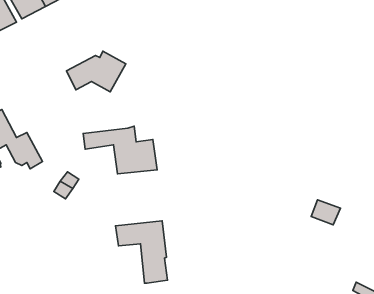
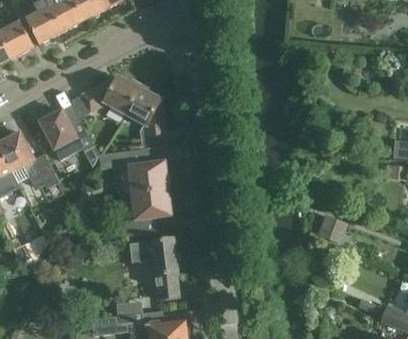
building: none -> [124,86,166,148]
building: none -> [38,108,93,157]
building: none -> [119,189,172,236]

